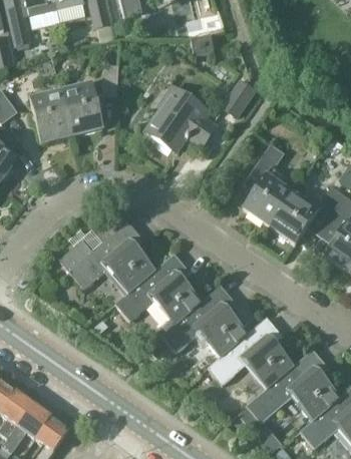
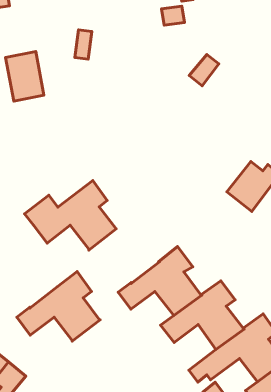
building: [61,81,103,134] -> none
building: [147,87,214,150] -> none
building: [243,143,292,224] -> none
building: [115,253,203,326] -> [17,272,100,341]

